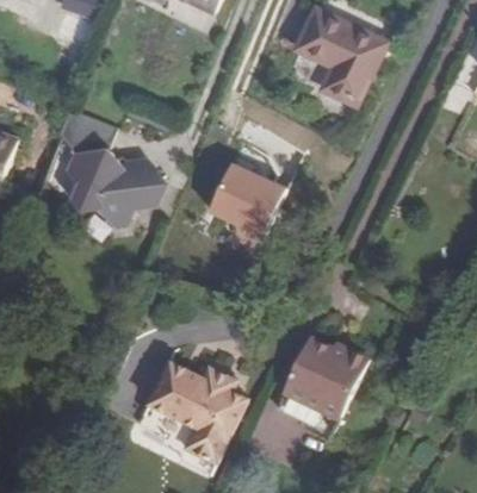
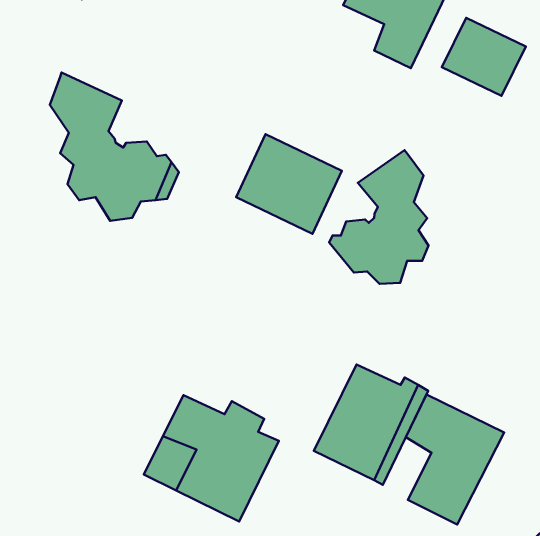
building: none -> [442,18,526,96]
building: none -> [329,150,429,284]
building: none -> [406,395,504,525]

